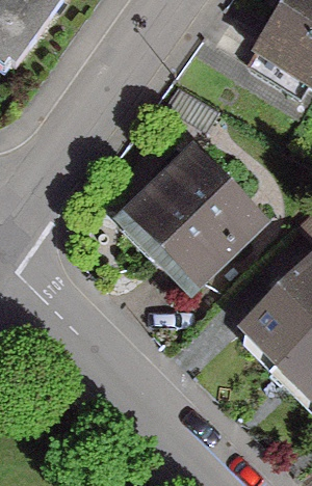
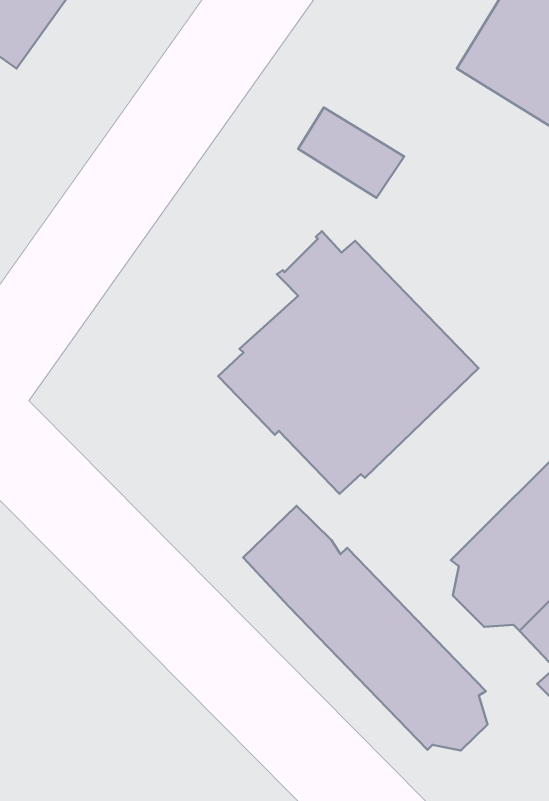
building: none -> [243,506,487,751]

